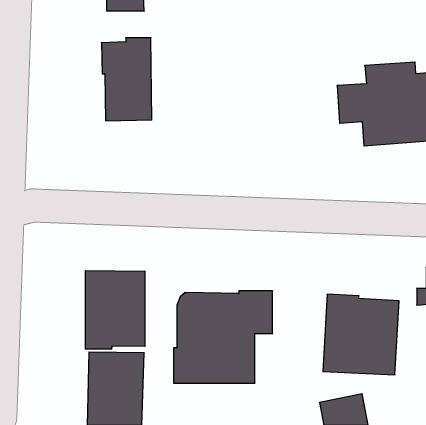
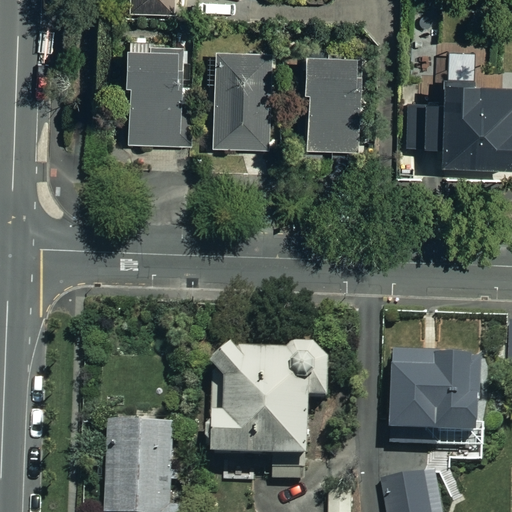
building: none -> [213,53,272,148]
building: none -> [301,54,358,150]
building: [85,271,145,349] -> none

